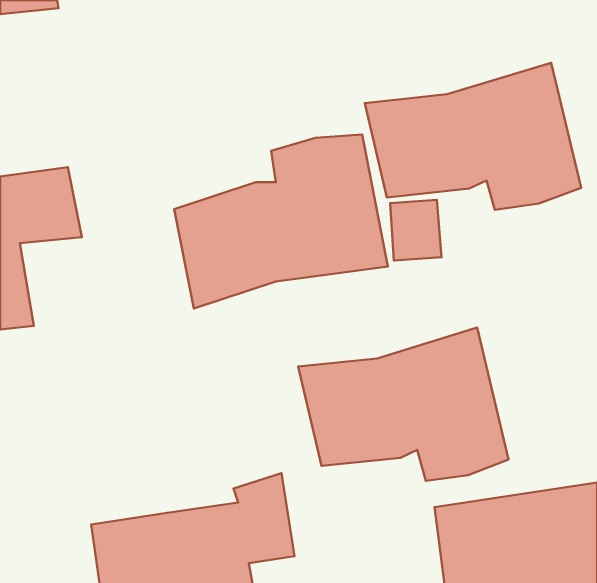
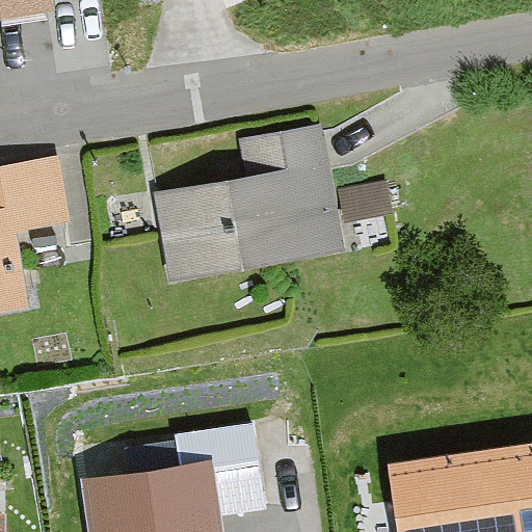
building: [365,63,581,210] -> none
building: [298,328,508,481] -> none

